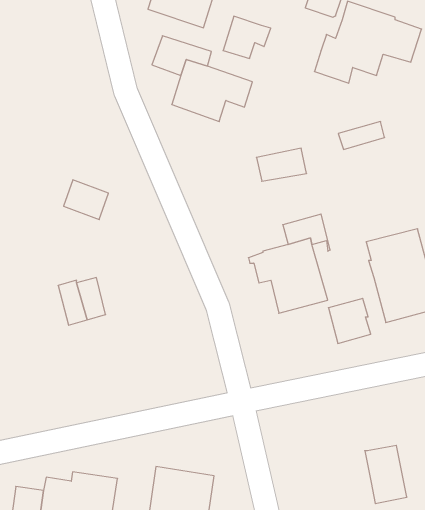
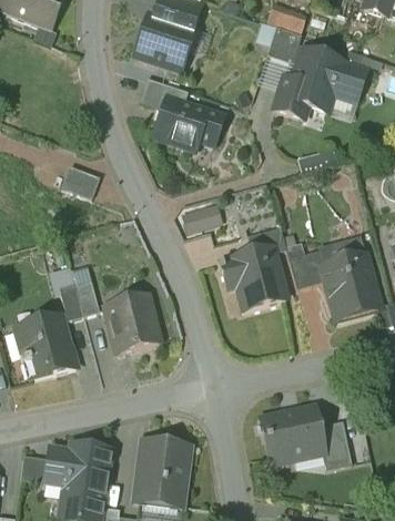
building: [223,16,271,58] -> [259,54,298,90]
building: [256,148,307,181] -> [184,202,226,229]
building: [64,180,108,220] -> [62,165,100,198]
building: none -> [105,295,160,353]
building: [328,298,371,343] -> [290,251,325,288]
building: none -> [18,315,77,378]
building: none -> [261,407,323,463]

